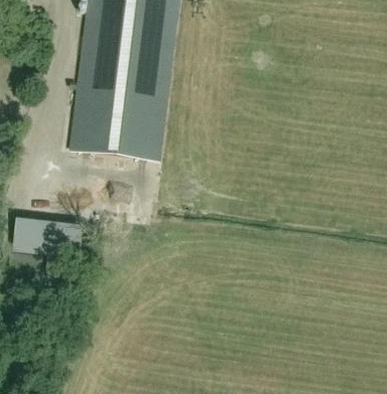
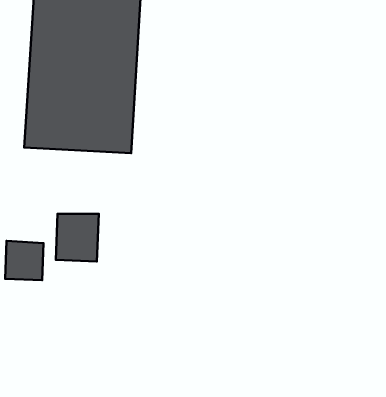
building: none -> [56,214,99,261]

